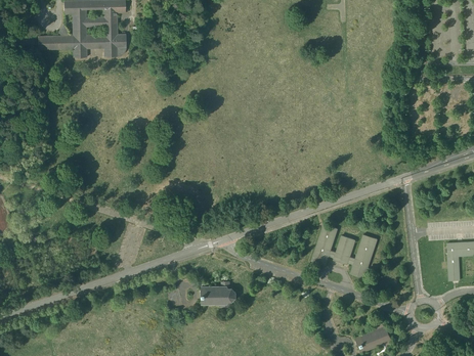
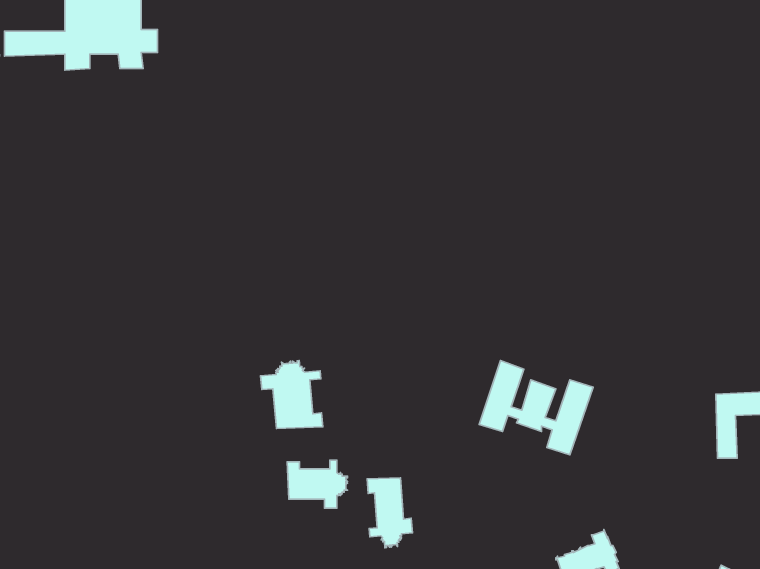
building: none -> [261,361,323,429]
building: none -> [367,478,412,548]

